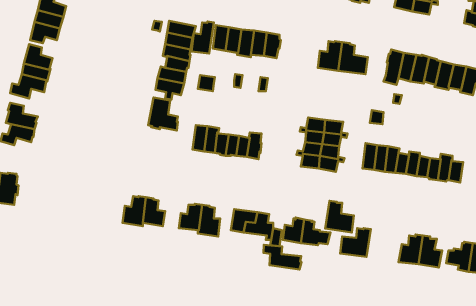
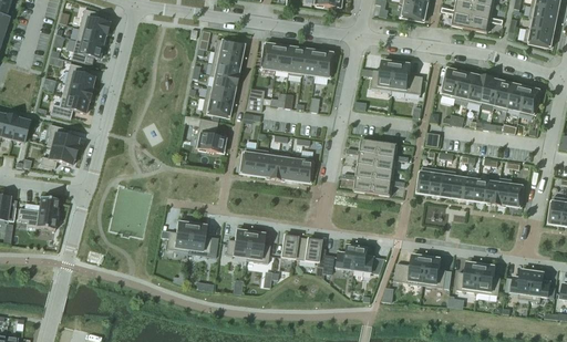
building: [191,21,214,54] -> none
building: [325,201,354,233] -> [422,256,452,289]
building: [263,245,301,269] -> none

